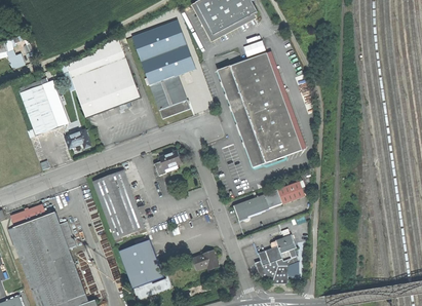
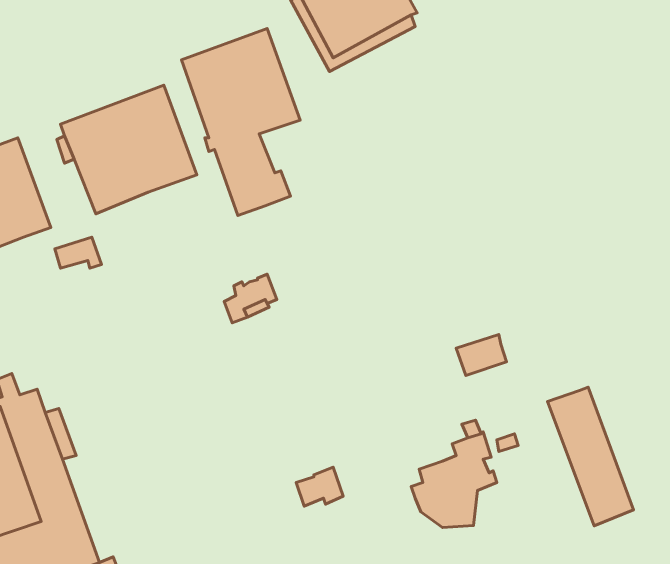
building: [217,51,301,167] -> none
building: [92,168,145,238] -> none
building: [233,188,282,218] -> none
building: none -> [547,387,634,526]
building: [119,238,163,286] -> none

